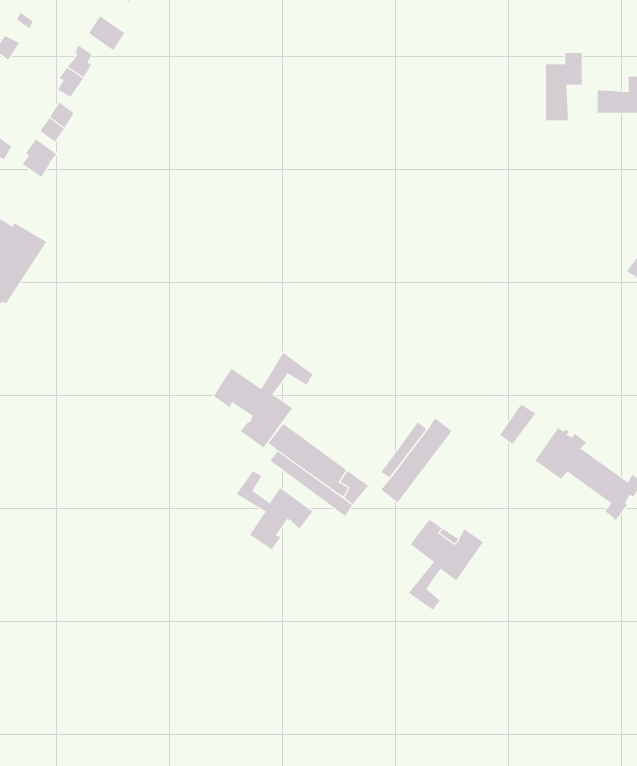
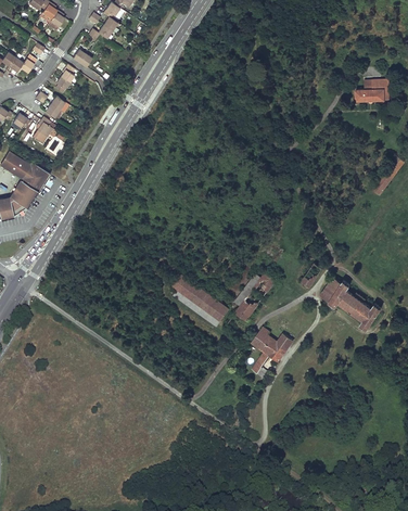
building: [546,52,582,121] -> none
building: [213,352,314,448] -> none
building: [236,470,313,550] -> none

